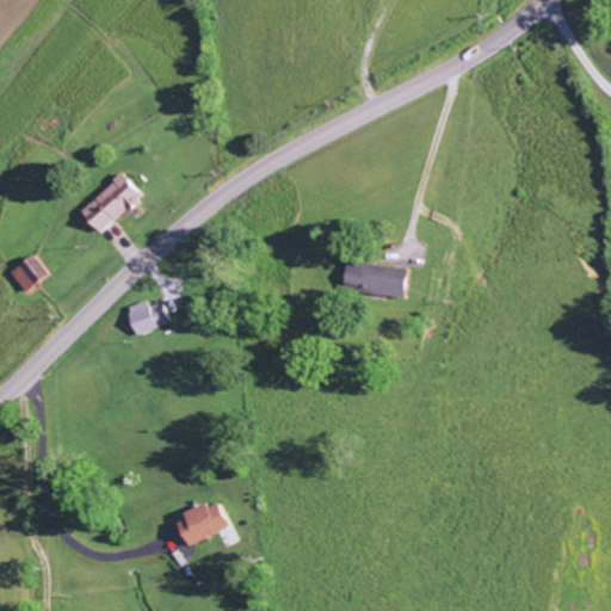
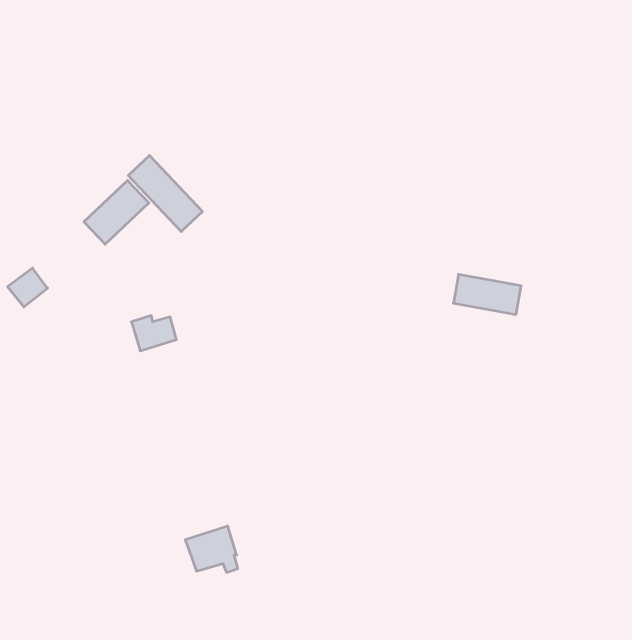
building: none -> [128,155,202,232]
building: [342,261,407,300] -> [453,274,521,314]

